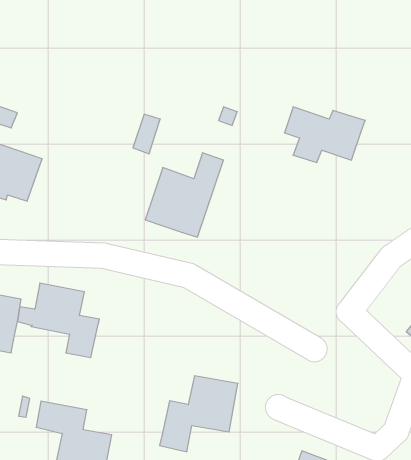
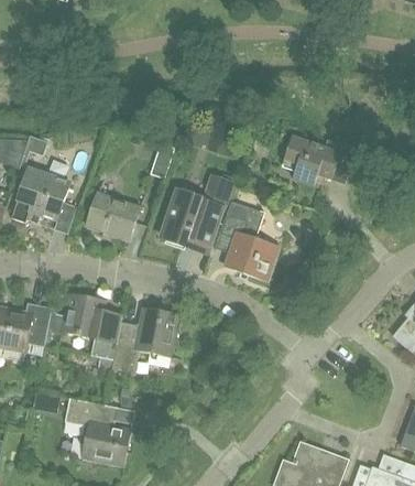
building: none -> [86,192,140,239]
building: none -> [215,198,277,279]
building: [160,376,238,452] -> [110,306,179,374]

